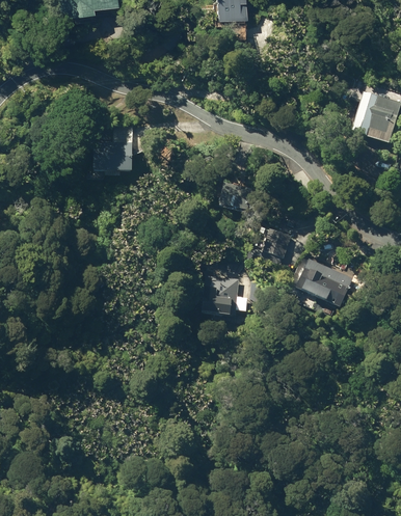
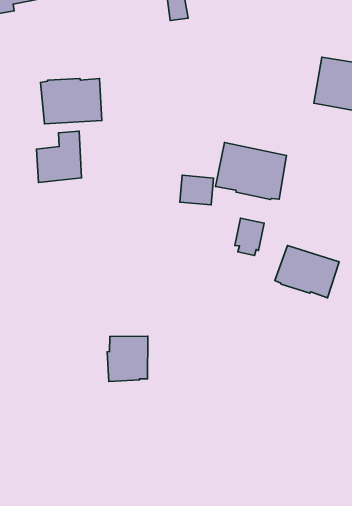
building: none -> [40,78,102,124]
building: none -> [215,142,286,200]
building: [200,273,241,316] -> [107,336,148,381]

